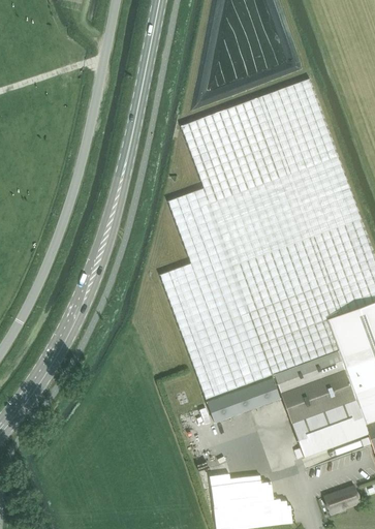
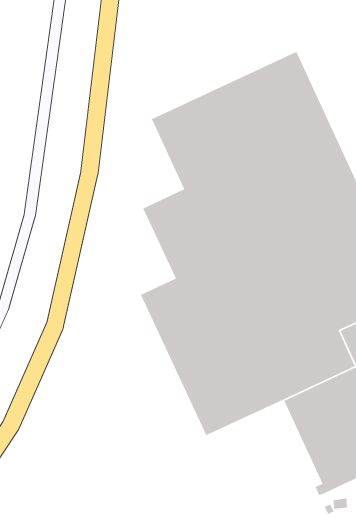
building: [207,378,280,423] -> none

